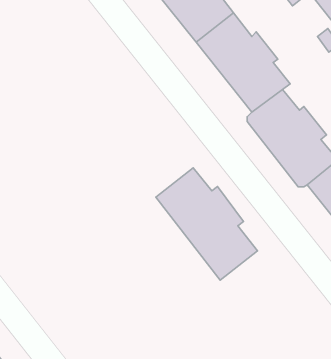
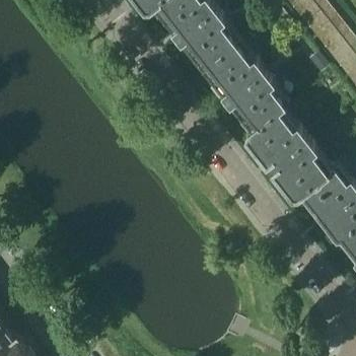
building: [156,168,258,280] -> none

